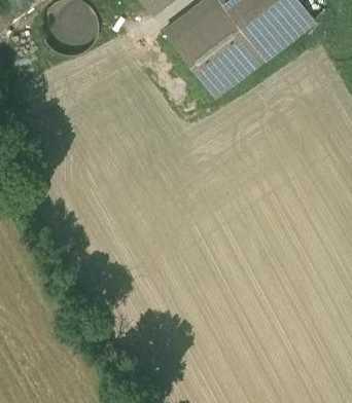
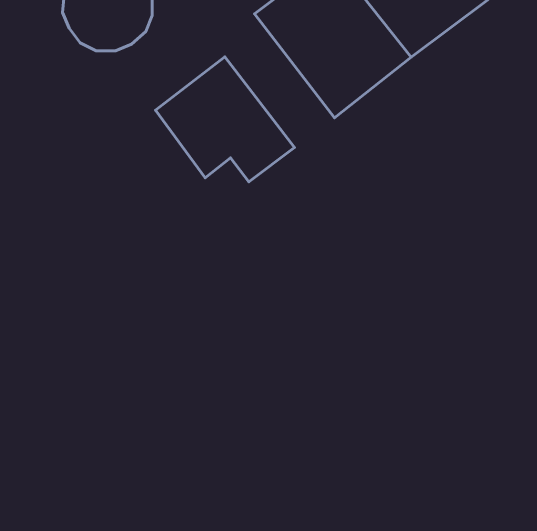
building: none -> [155,57,294,182]

